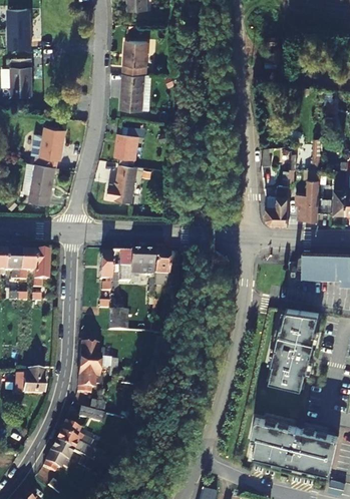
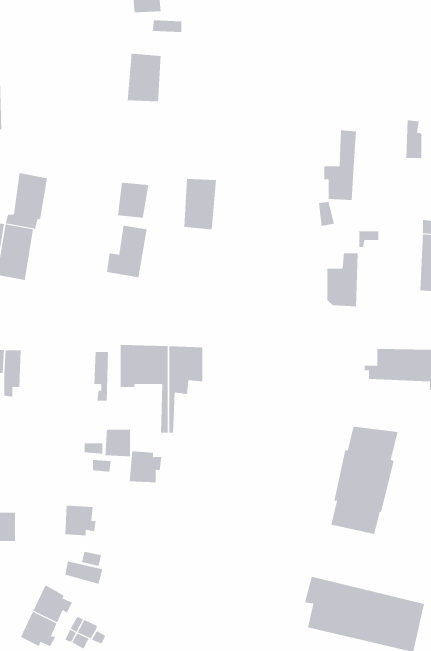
building: [120,75,144,112] -> [183,179,217,230]
building: [297,169,321,220] -> [324,130,357,201]
building: [78,346,102,369] -> [129,451,162,483]

